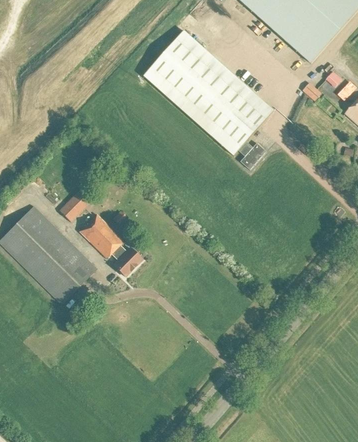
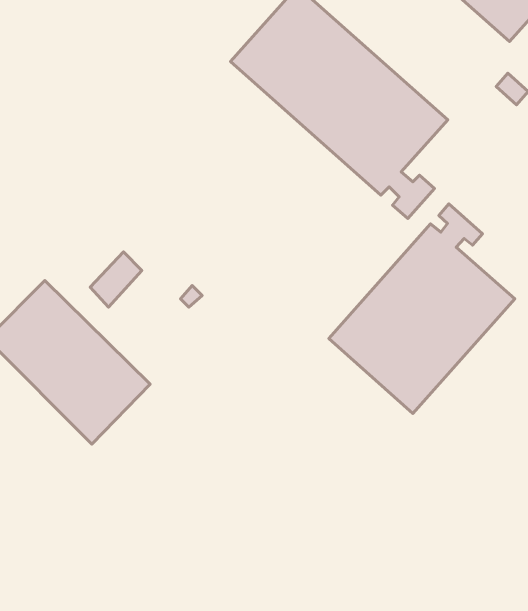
building: none -> [329,204,515,413]
building: [78,213,141,276] -> none

